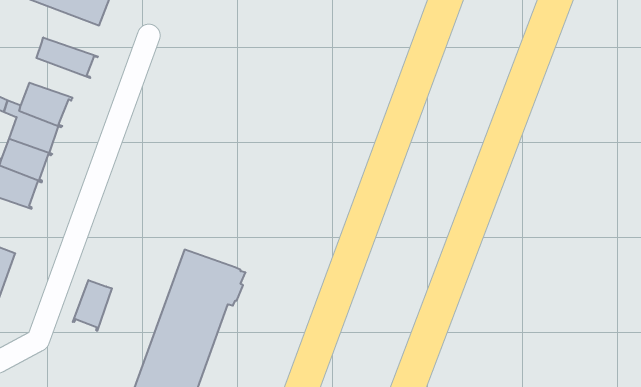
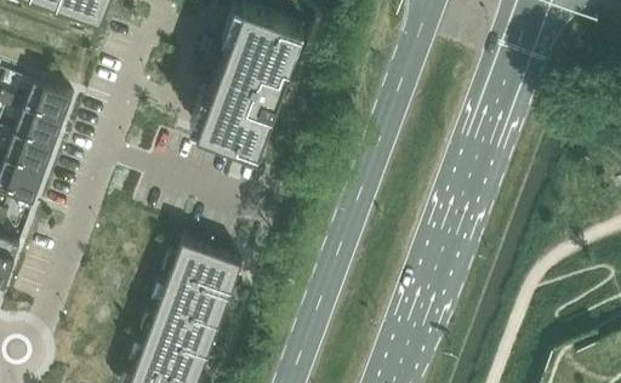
building: none -> [194,8,301,155]
building: [36,37,98,78] -> none
building: [73,280,112,331] -> none

